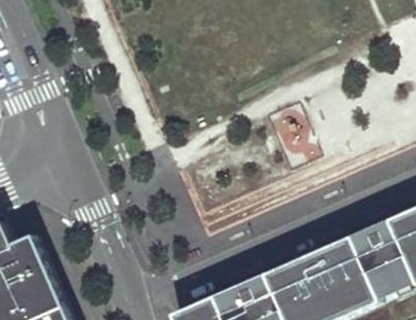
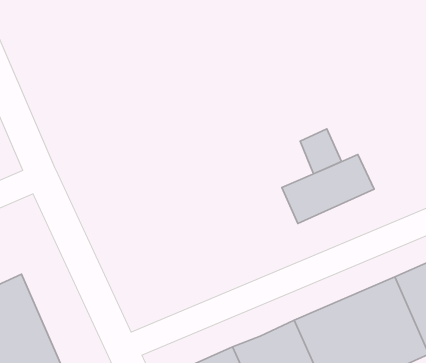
building: none -> [282,154,374,224]

